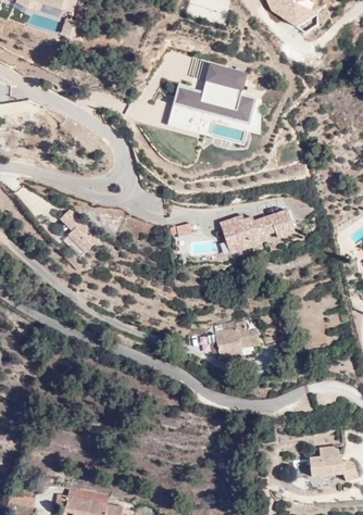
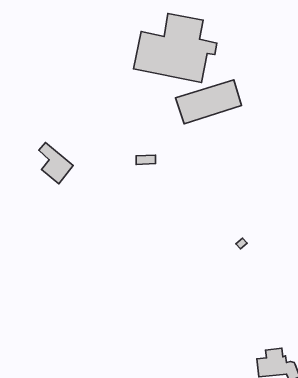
building: [221,204,296,254] -> [175,80,241,124]
building: [214,318,259,357] -> none

